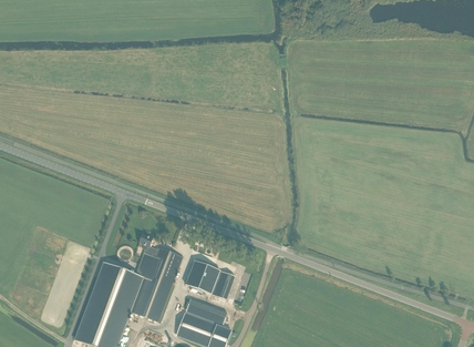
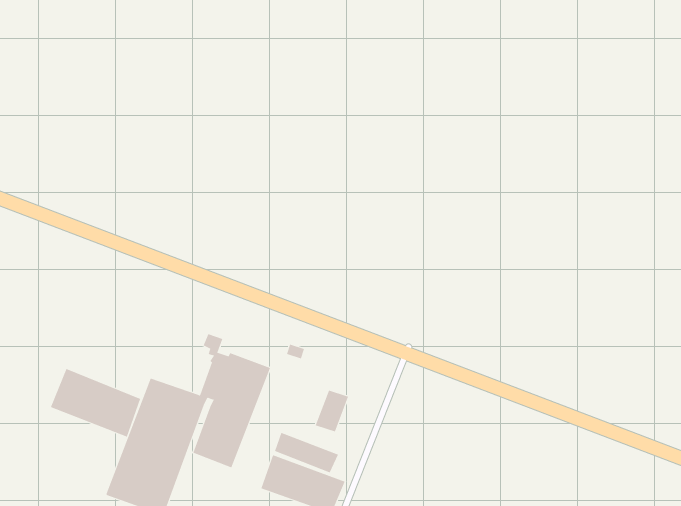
building: none -> [50,368,141,438]
building: [183,259,219,293] -> none

